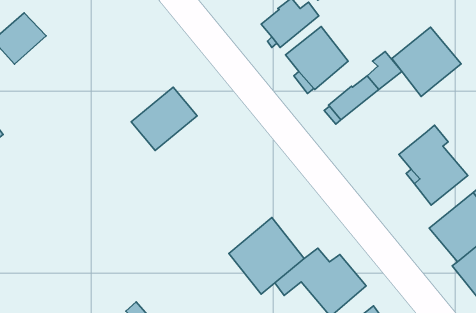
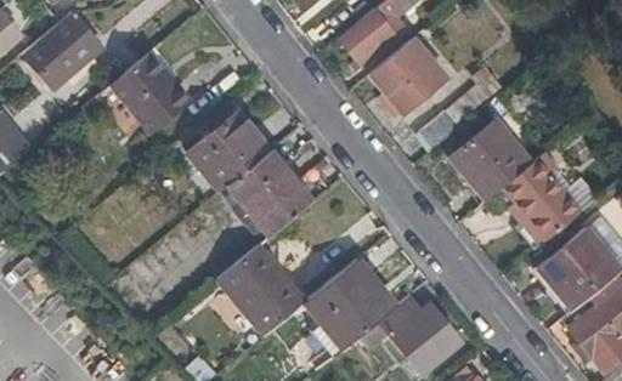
building: [392,27,461,96] -> [453,119,533,199]
building: none -> [109,53,180,124]
building: none -> [219,143,313,233]
building: none -> [214,245,304,337]

